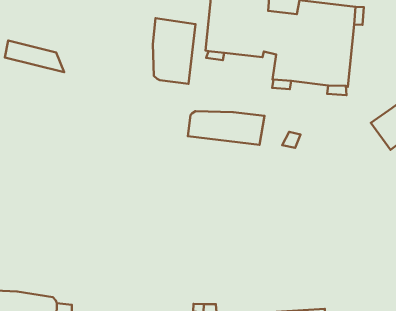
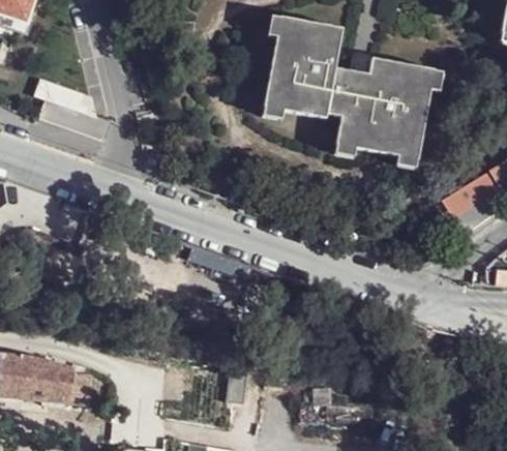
building: [153,18,196,84] -> none
building: [188,111,264,145] -> none

